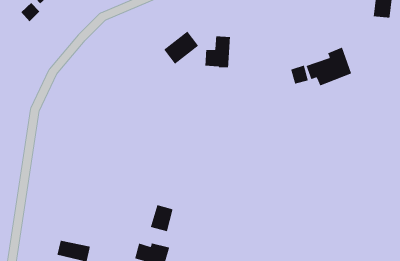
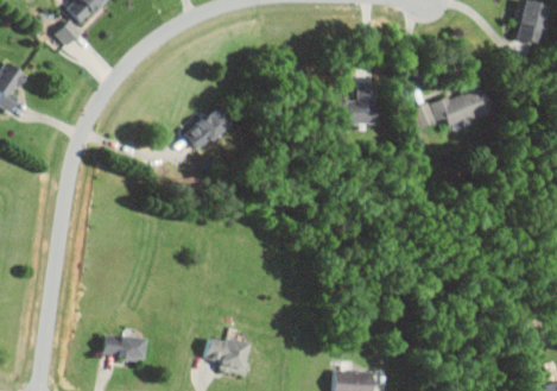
building: [163,30,199,65] -> [185,107,233,152]
building: [205,36,231,68] -> [343,82,378,125]
building: [150,204,174,232] -> none

